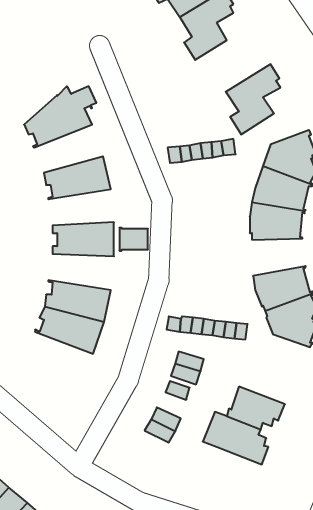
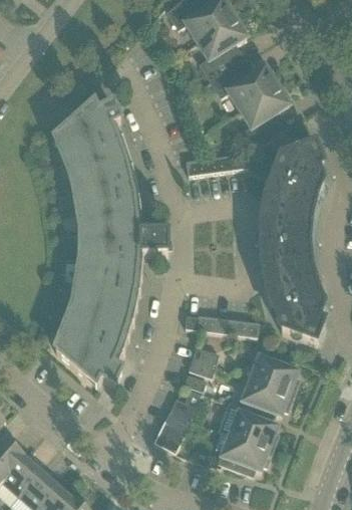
building: none -> [211,61,280,108]
building: none -> [63,139,126,183]
building: none -> [76,198,136,231]
building: none -> [261,243,312,277]
building: none -> [76,257,136,290]
building: none -> [55,328,121,384]
building: none -> [251,349,298,395]
building: none -> [153,419,187,452]
building: none -> [219,434,272,473]

